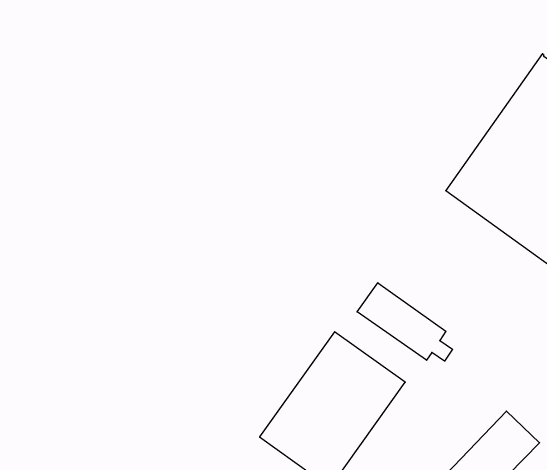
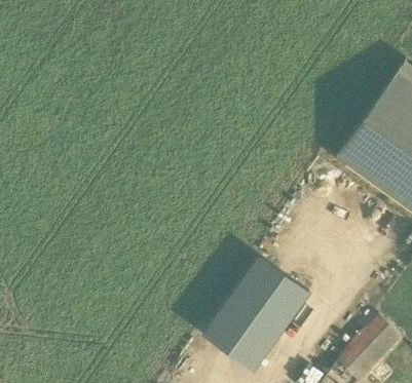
building: [357,283,453,361] -> none

